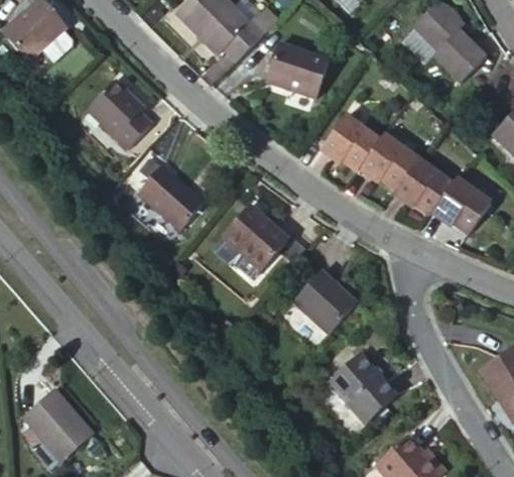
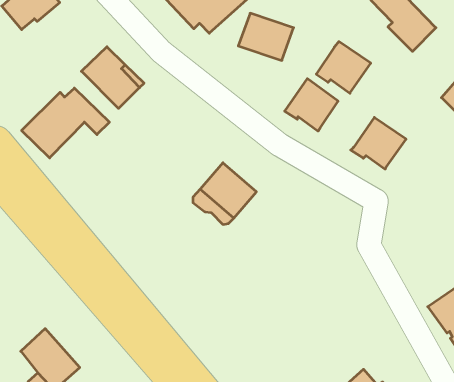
building: none -> [22,88,109,158]
building: [357,132,417,190] -> [316,42,371,93]
building: [141,166,208,230] -> none
building: [430,175,492,234] -> none
building: [293,269,357,333] -> none
building: [328,353,399,428] -> none

